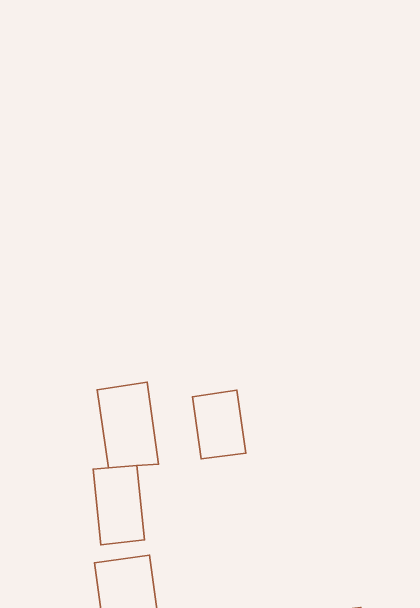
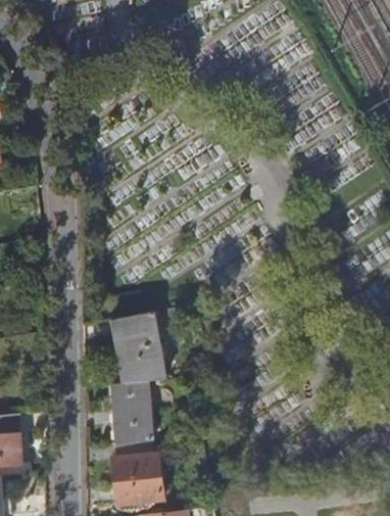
building: [193,390,246,459] -> none

